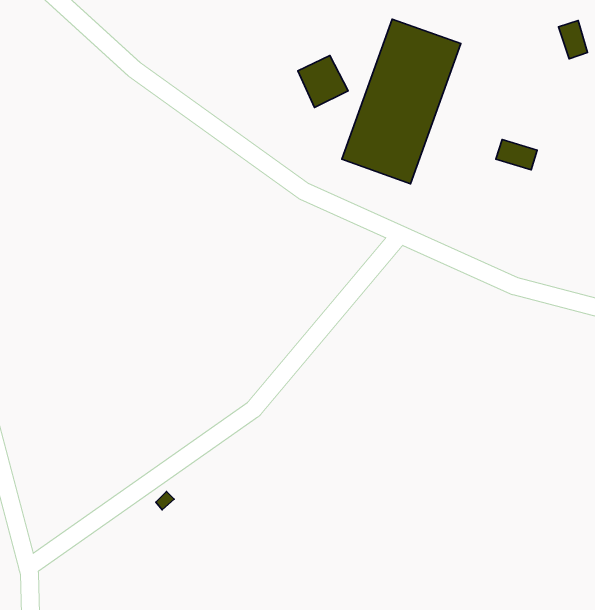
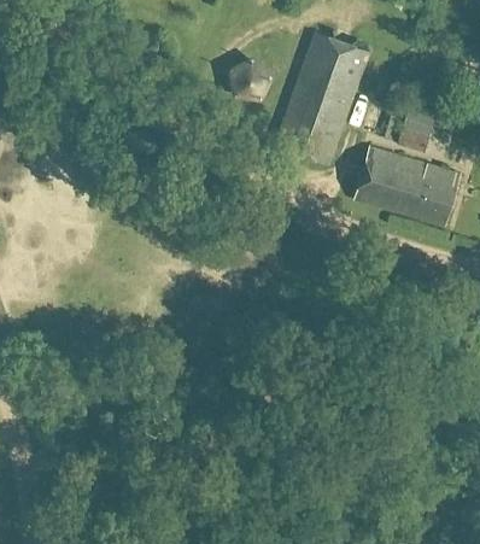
building: none -> [353,145,462,224]

